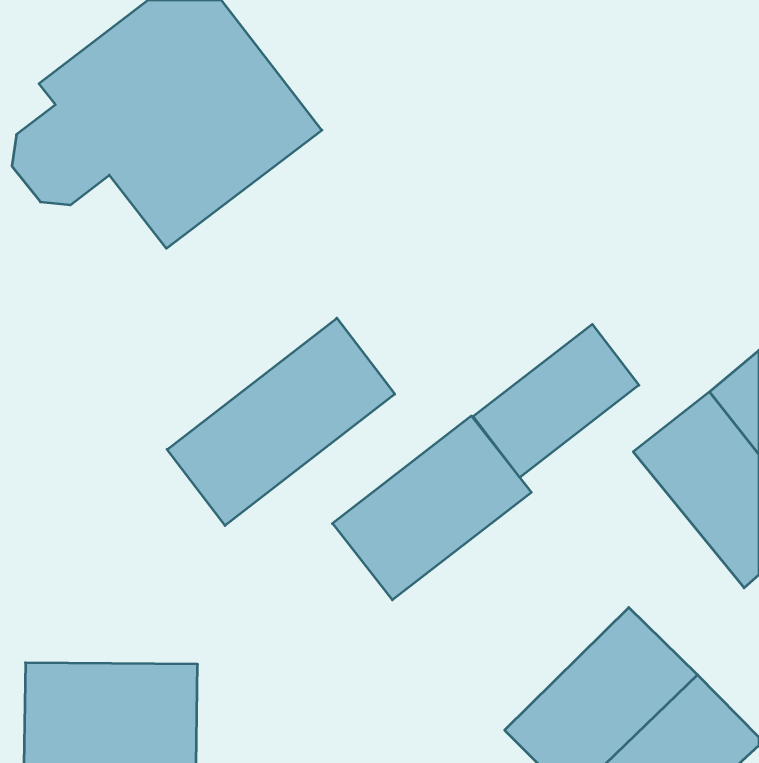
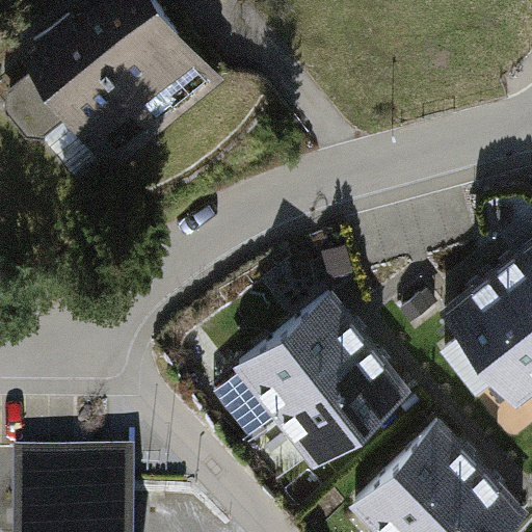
building: [167,318,395,526] -> none
building: [473,324,639,477] -> none
building: none -> [272,343,409,470]

